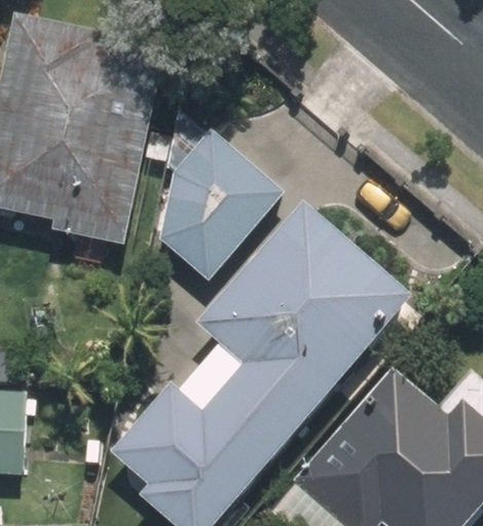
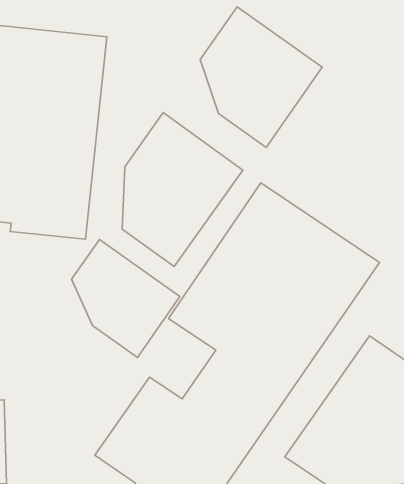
building: none -> [200,7,322,148]
building: none -> [72,239,180,358]

